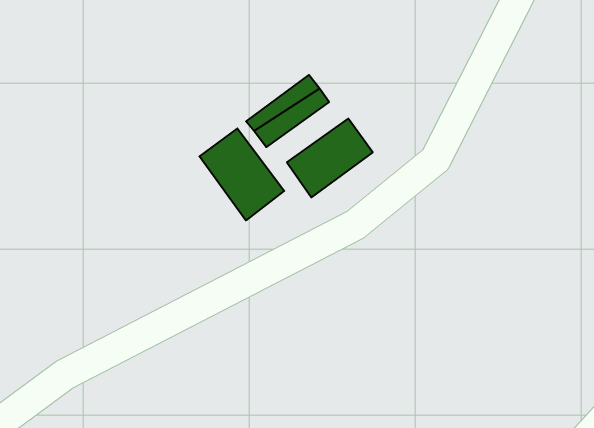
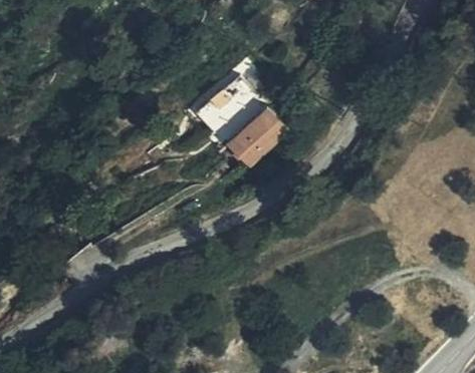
building: [199,128,284,220] -> none

